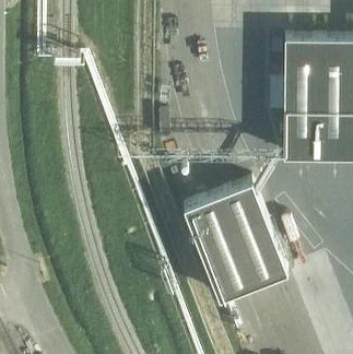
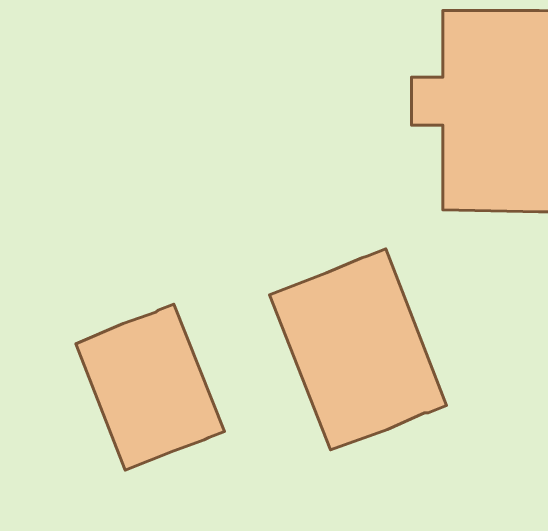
building: none -> [76,304,224,470]

